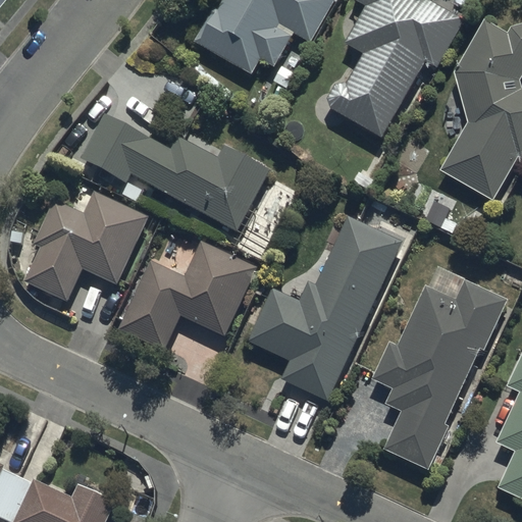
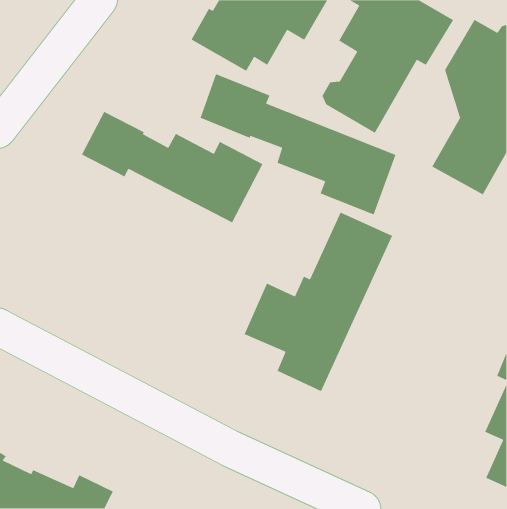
building: none -> [199,73,397,216]
building: [25,189,148,301] -> none
building: [120,241,258,351] -> none
building: [372,266,508,468] -> none

